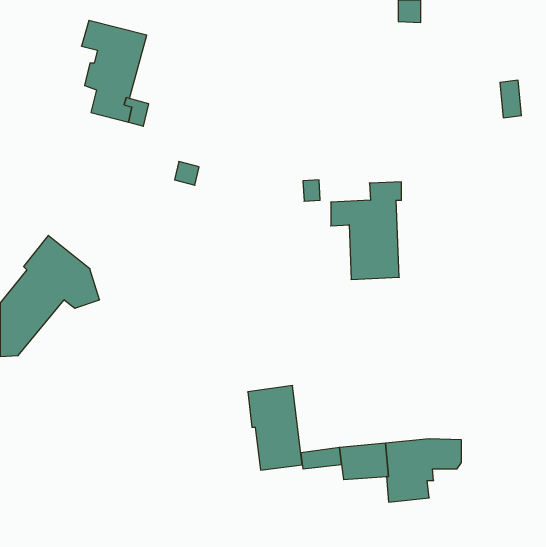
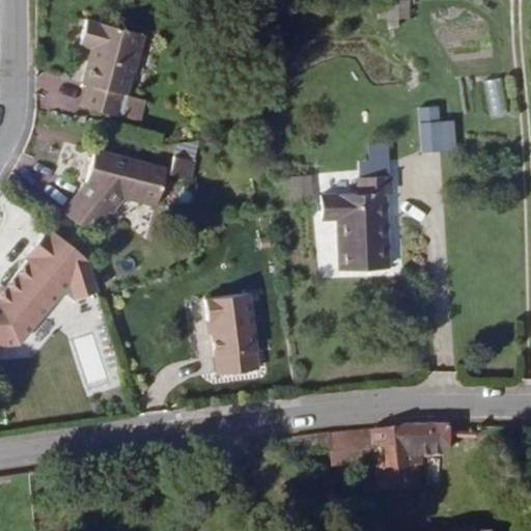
building: none -> [417,104,455,150]
building: none -> [359,144,390,177]
building: none -> [62,150,166,233]
building: [248,386,302,470] -> [205,294,258,375]

